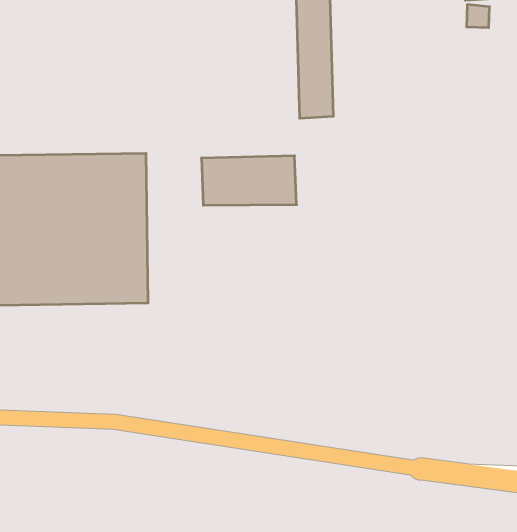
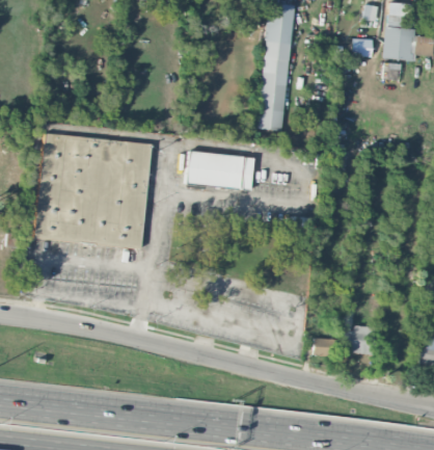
building: none -> [343,326,375,353]
building: none -> [313,338,338,359]

